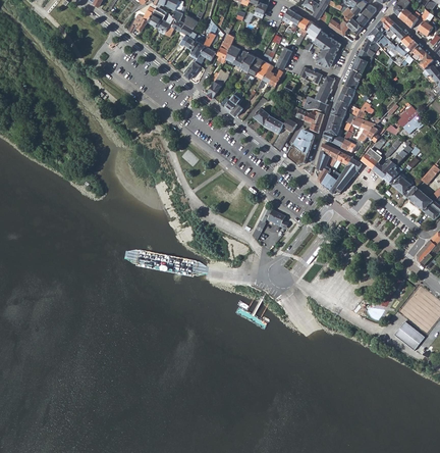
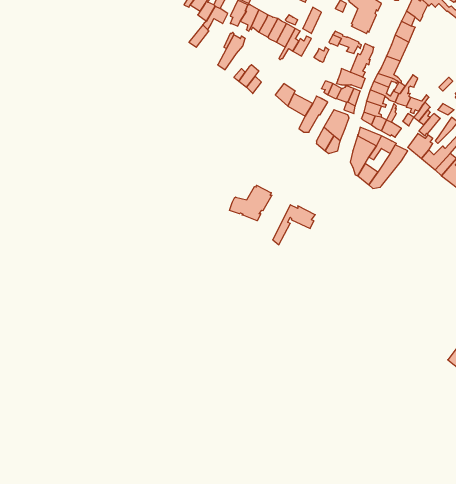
building: none -> [229,185,272,221]

